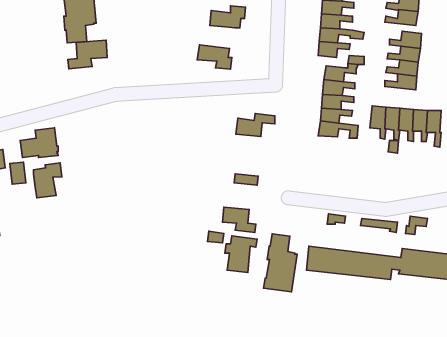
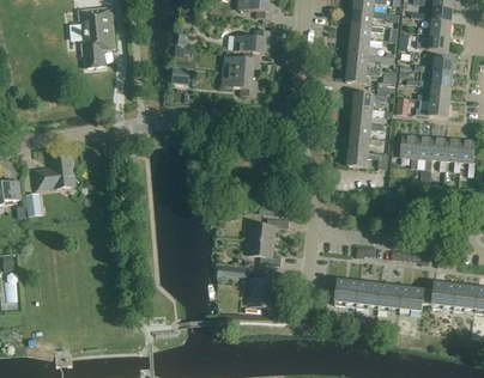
building: none -> [223,50,260,73]
building: [68,40,107,69] -> none
building: [236,114,275,137] -> [248,217,289,240]
building: [34,163,62,198] -> none
building: [263,234,297,292] -> none

